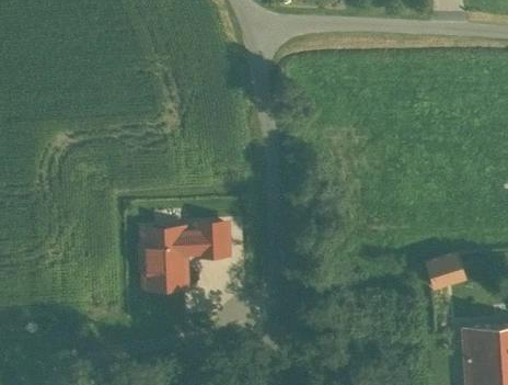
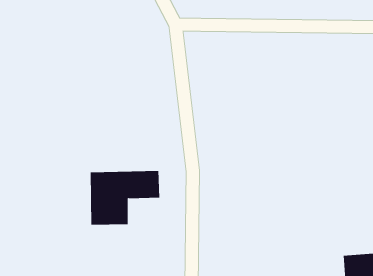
building: [418,252,472,293] -> none

